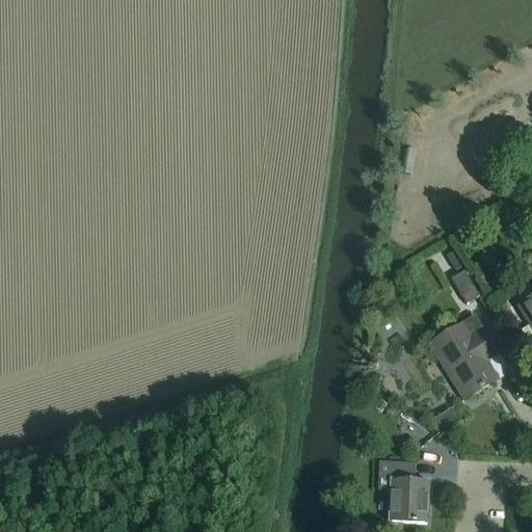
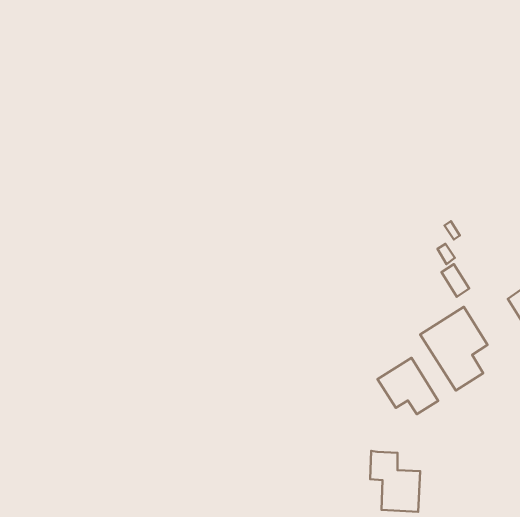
building: none -> [378,358,438,414]

